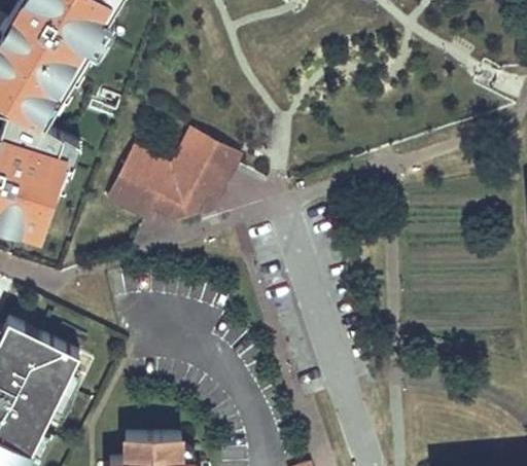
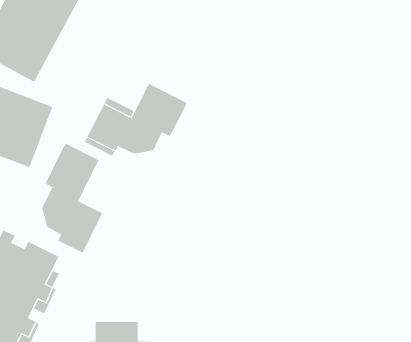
building: none -> [41,143,103,253]

